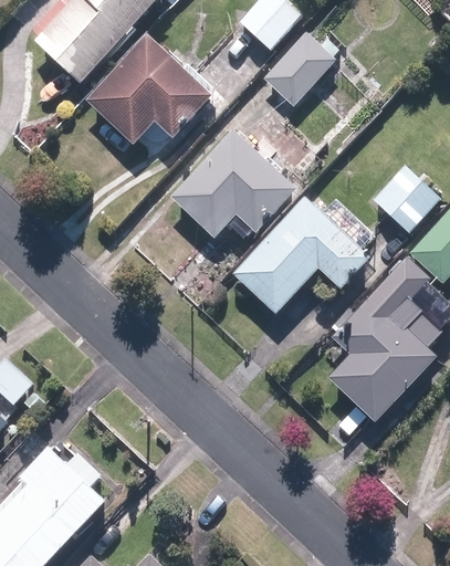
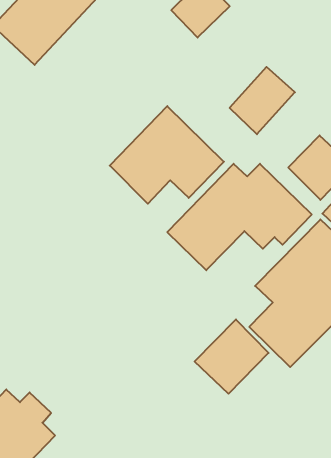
building: [262,31,336,107] -> [230,67,295,134]
building: [84,33,212,146] -> none
building: none -> [195,319,269,394]

